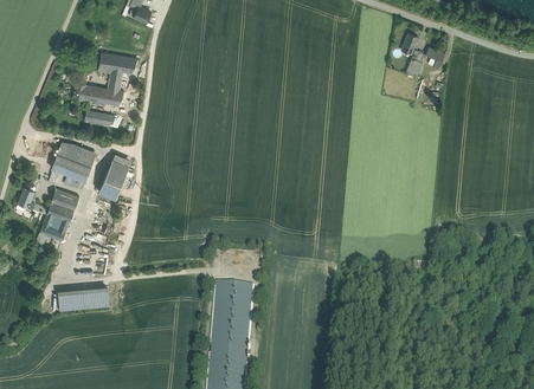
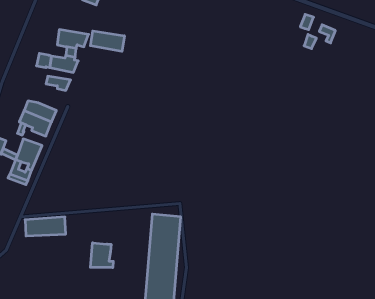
building: none -> [90,31,124,51]
building: [98,158,129,197] -> none
building: none -> [90,243,113,268]

